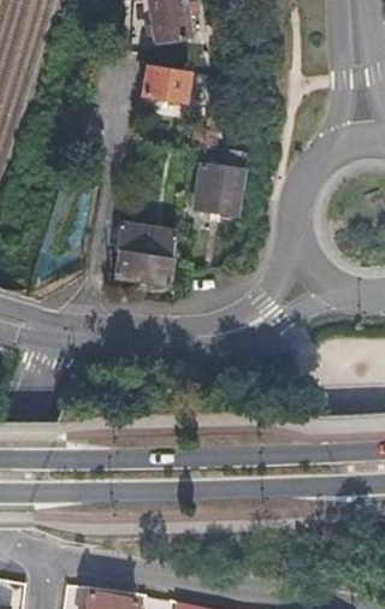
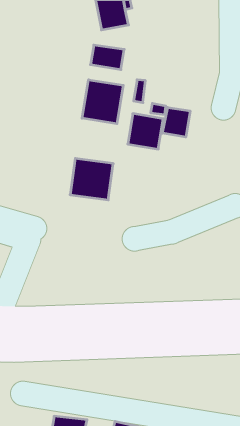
building: none -> [82,80,123,124]
building: none -> [162,107,190,137]

